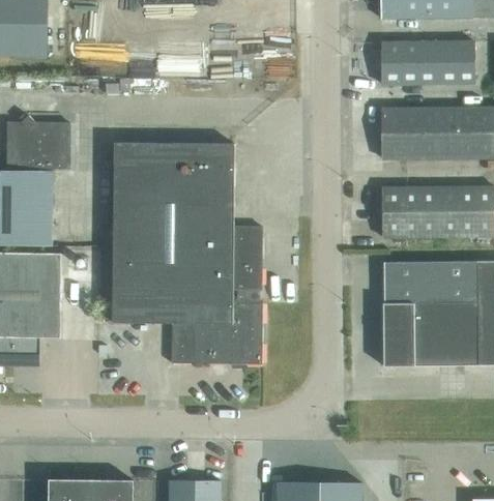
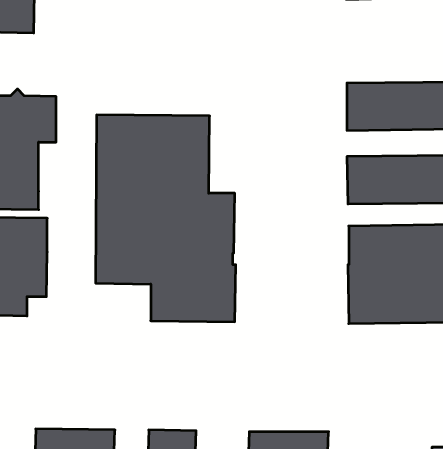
building: [381,41,475,85] -> none

